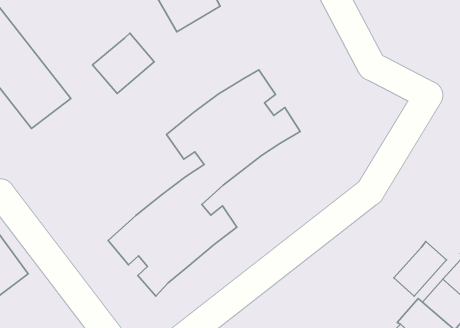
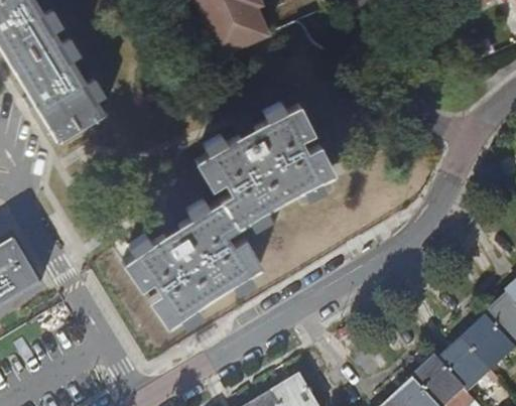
building: [93,33,154,94] -> none
building: [394,242,446,296] -> none

